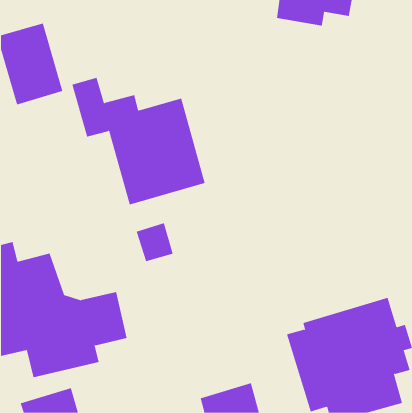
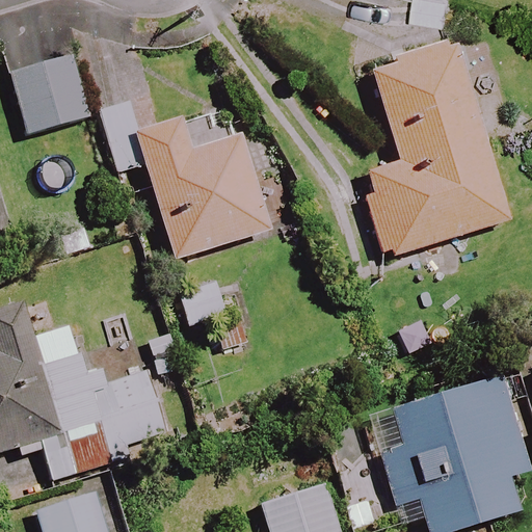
building: none -> [362,38,510,258]

